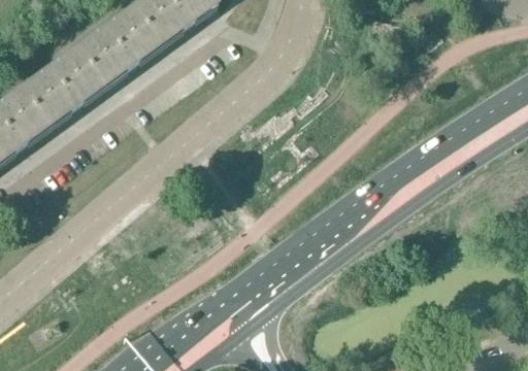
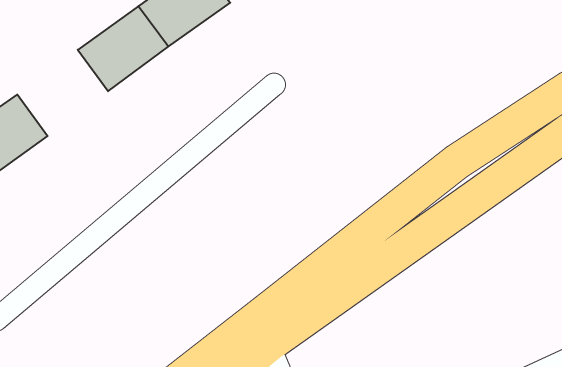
building: [20,48,103,128] -> none

